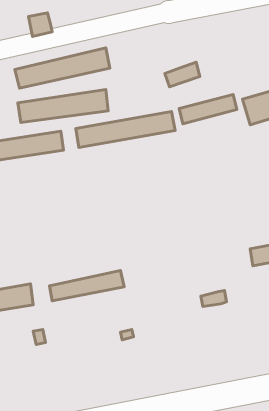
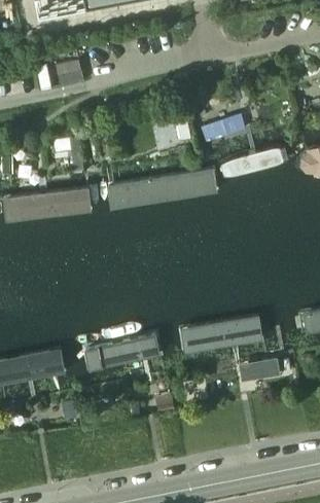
building: [15,48,110,88] -> none
building: [18,89,108,123] -> none
building: none -> [178,317,261,351]

